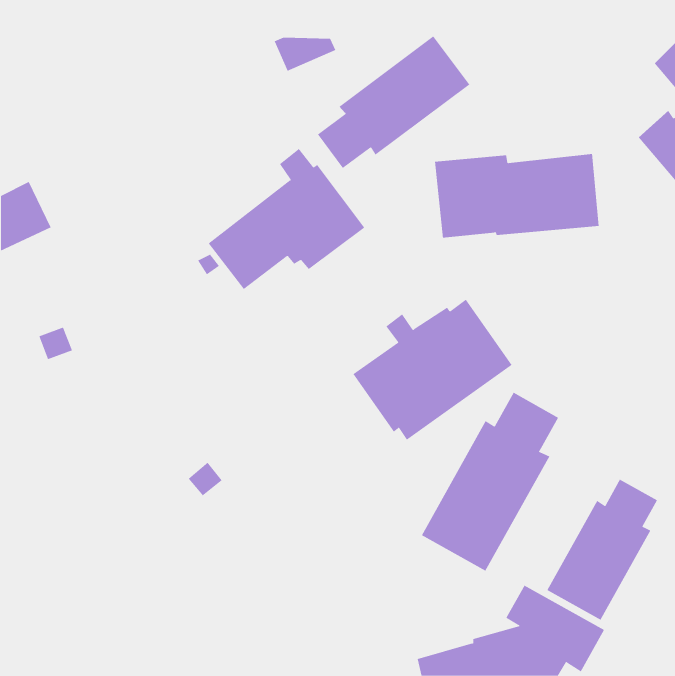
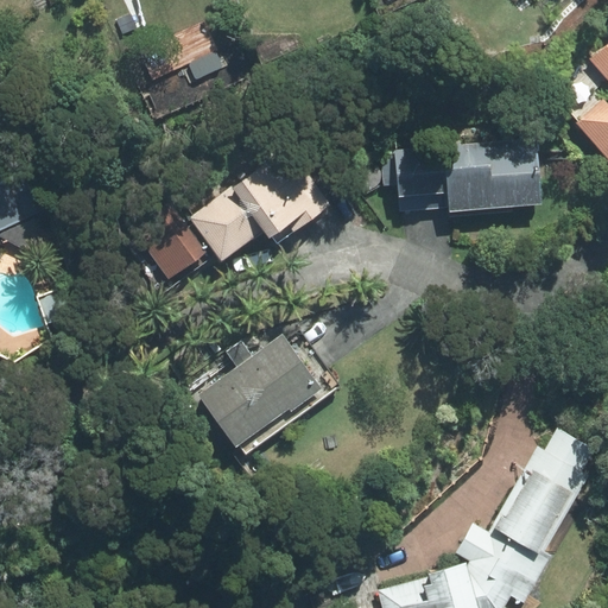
building: [317,36,470,169] -> none
building: [352,299,512,440] -> [195,328,338,455]
building: [421,392,559,571] -> none

